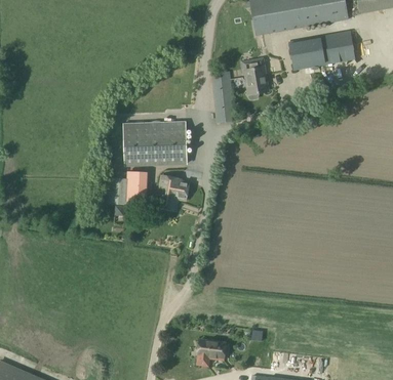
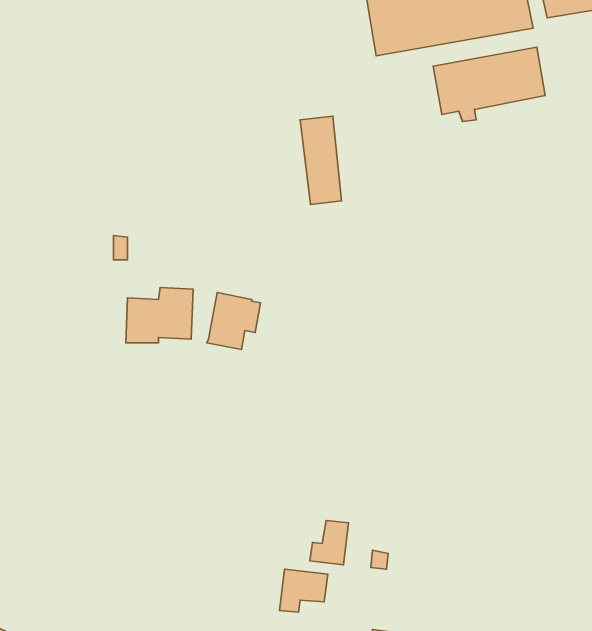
building: [240,57,268,98] -> none
building: [123,121,187,164] -> none
building: none -> [310,520,348,565]

